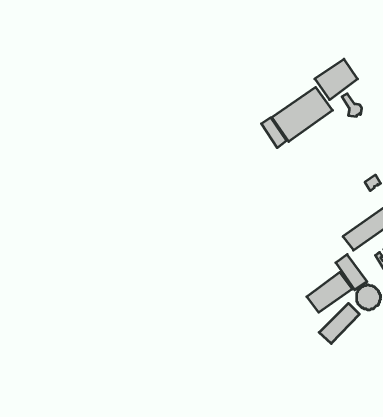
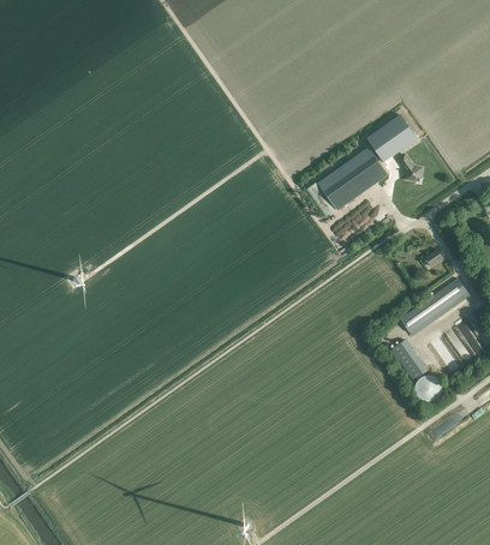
building: [307,272,352,312] -> none
building: [319,303,359,344] -> none

